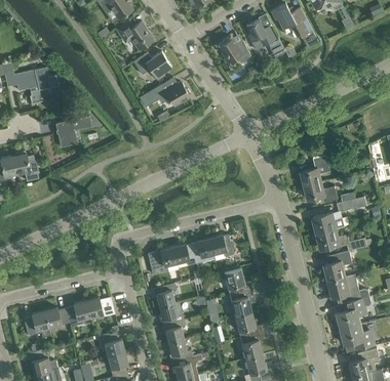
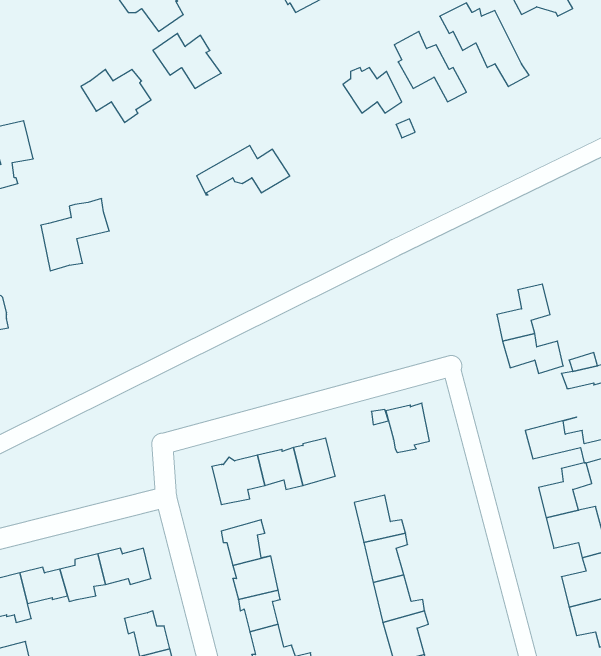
building: [132,51,170,80] -> [81,69,151,123]
building: [312,212,344,234] -> none
building: [208,234,232,260] -> [386,403,429,453]

